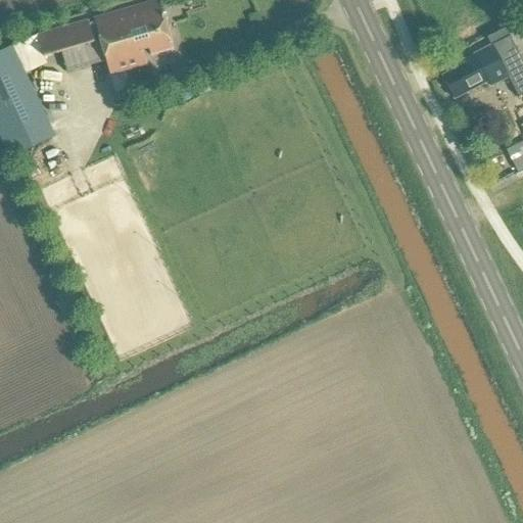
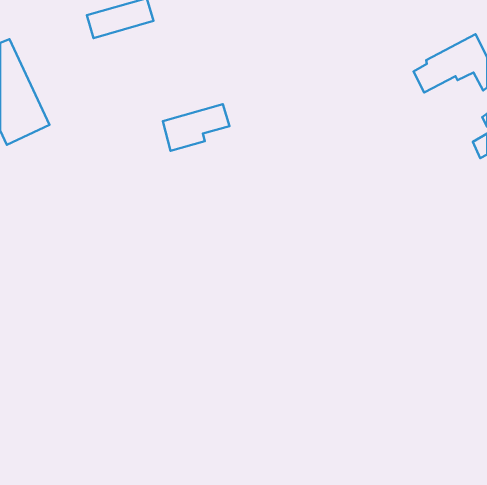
building: [36,17,93,54] -> none
building: [100,22,172,73] -> [163,104,229,151]

